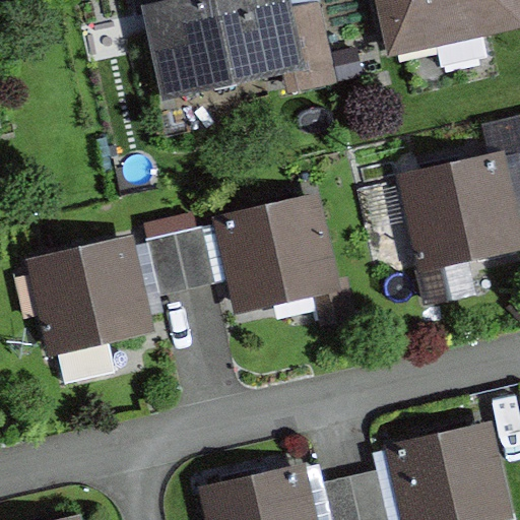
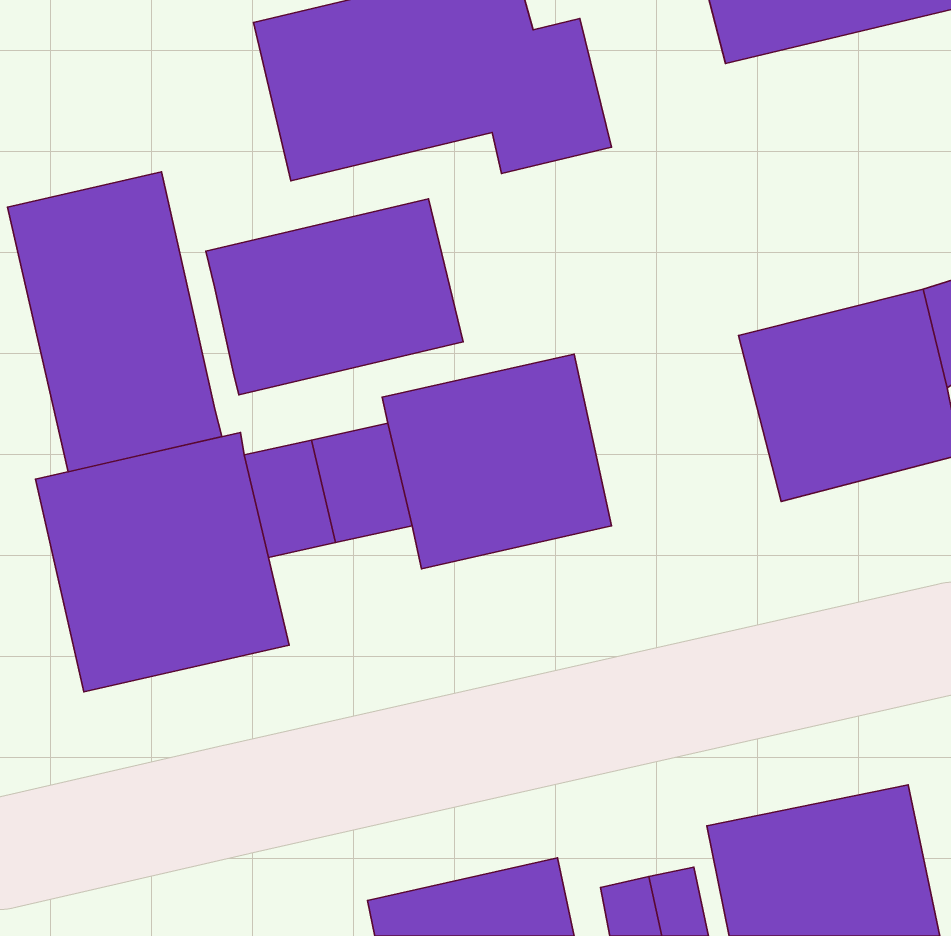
building: none -> [8,172,222,472]
building: none -> [206,199,463,395]

